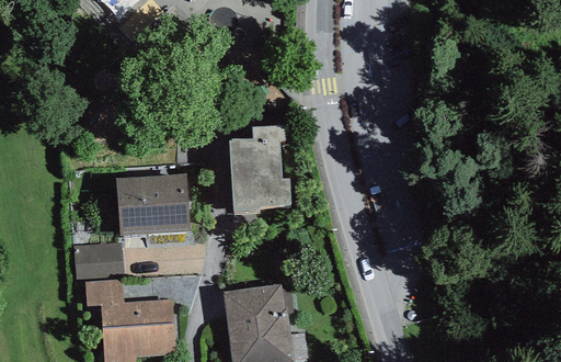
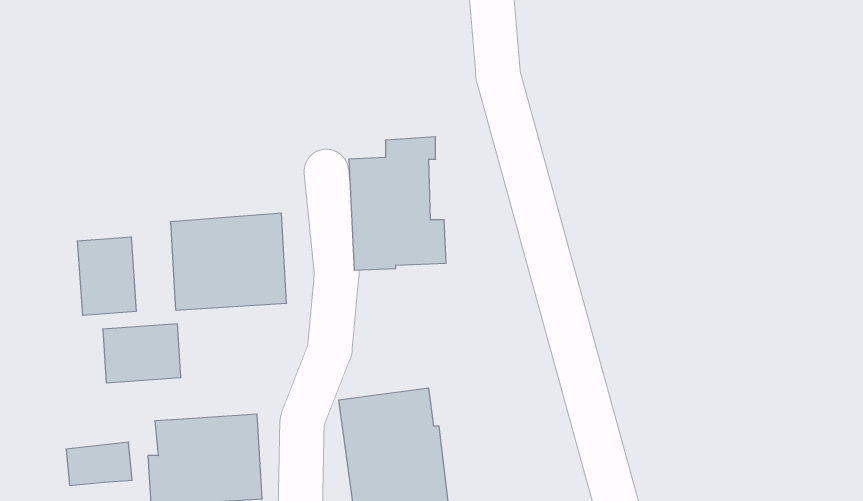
building: none -> [78,237,136,315]
building: [83,279,125,306] -> [66,442,132,485]

